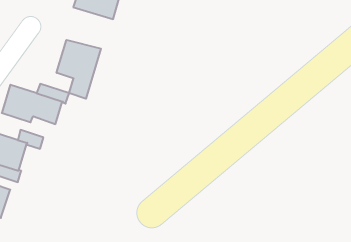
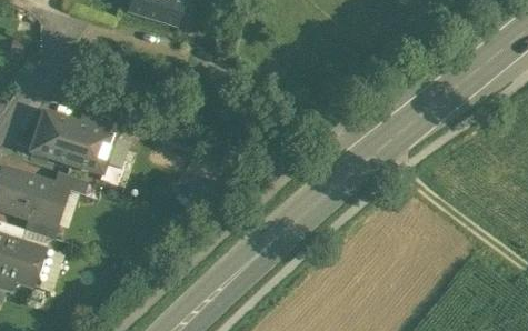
building: [57,40,101,99] -> none

